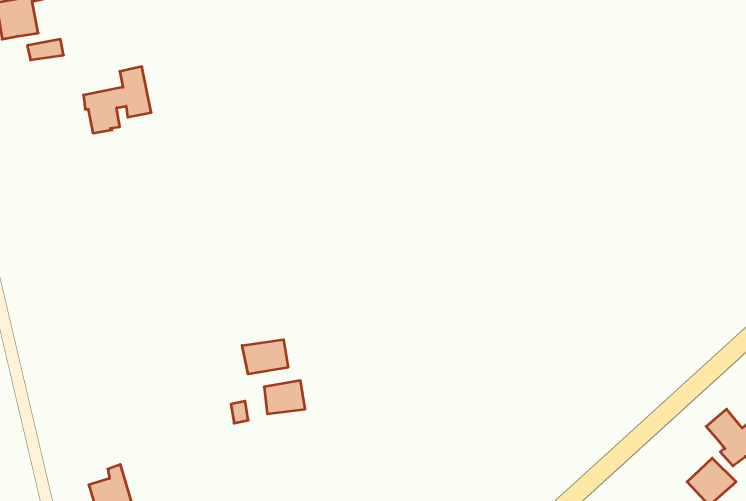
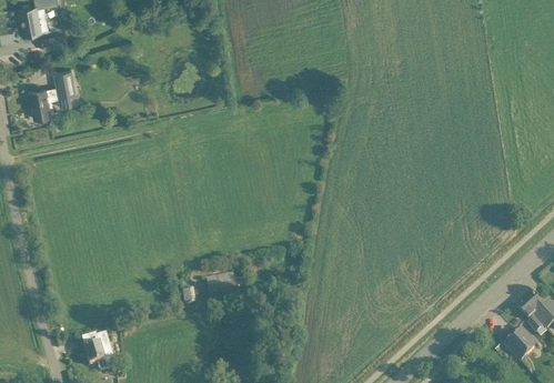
building: [83,67,151,133] -> [28,71,75,118]
building: [242,340,288,374] -> none

